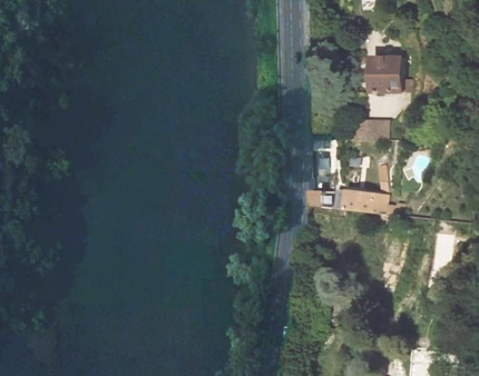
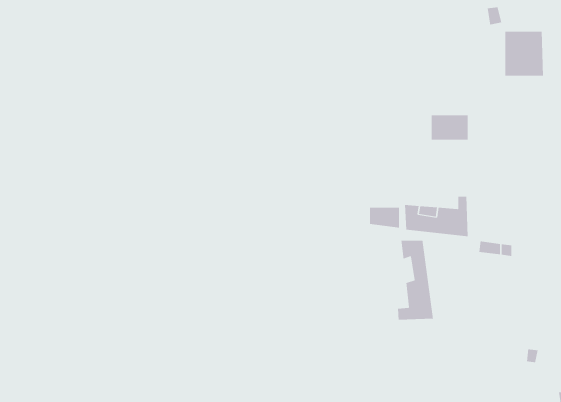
building: [370,57,401,92] -> [505,31,544,76]
building: none -> [397,240,434,320]

